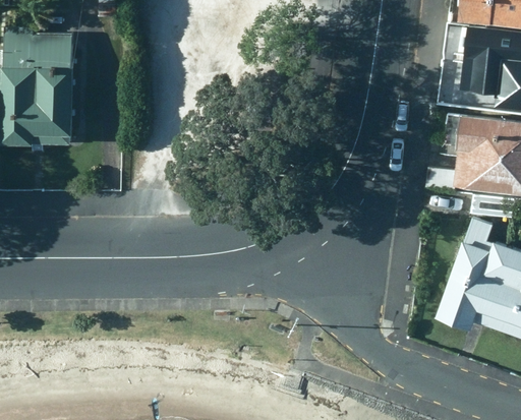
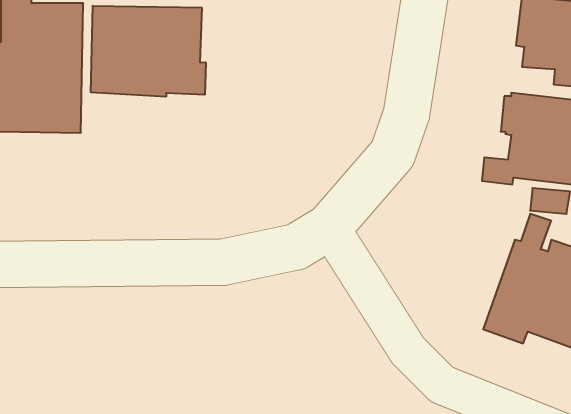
building: none -> [91,6,206,97]

